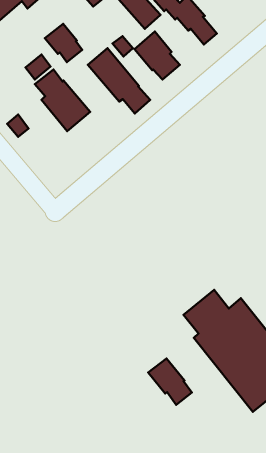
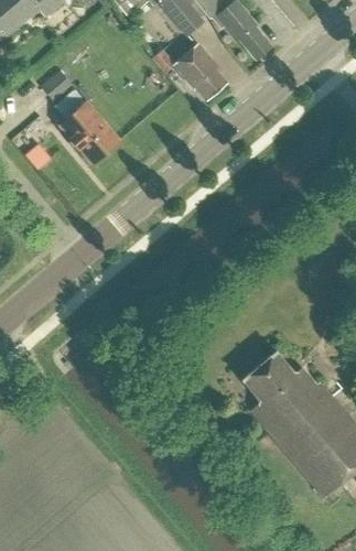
building: [45,24,82,62] -> none
building: [88,48,150,113] -> none
building: [148,358,192,405] -> none

